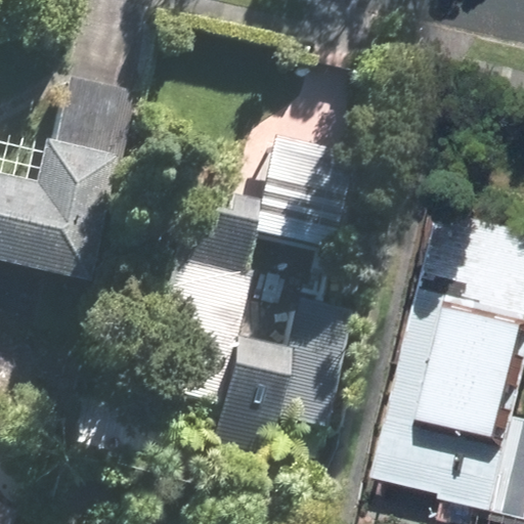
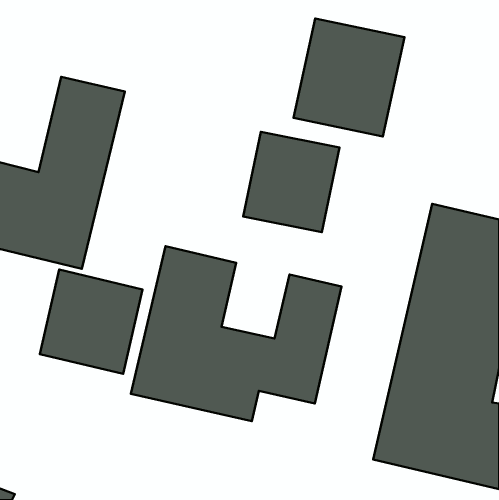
building: none -> [293,18,405,137]
building: none -> [40,270,143,374]

